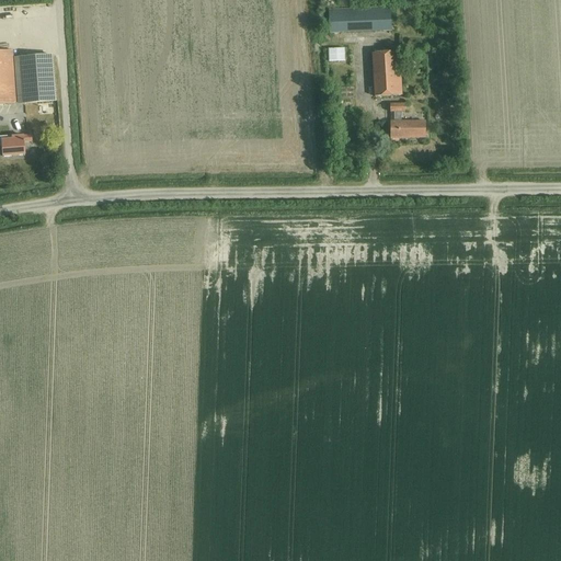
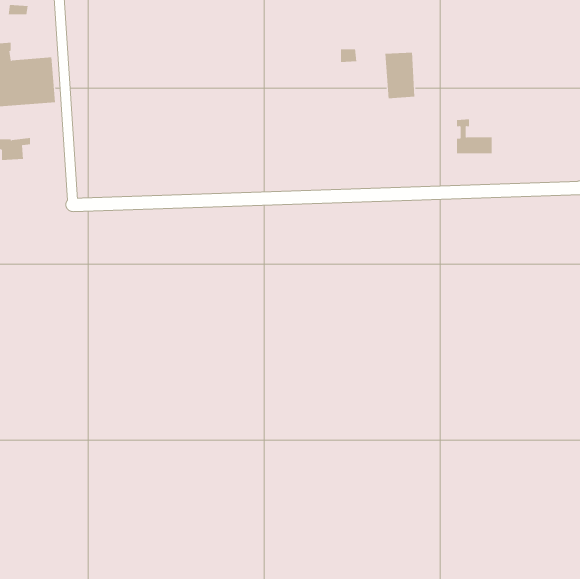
building: [327,7,390,32] -> none
building: [389,102,424,136] -> [456,119,493,154]

